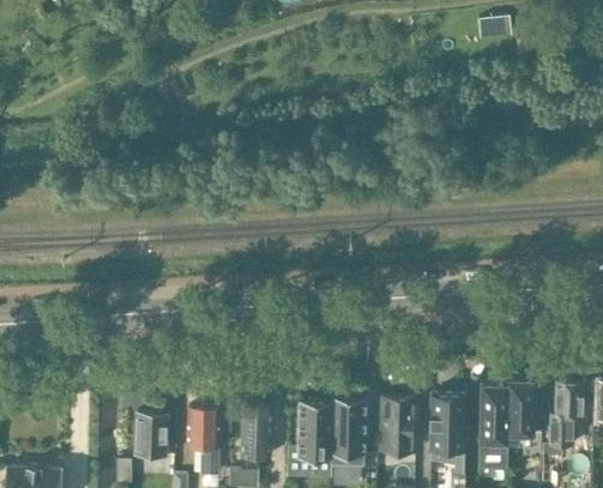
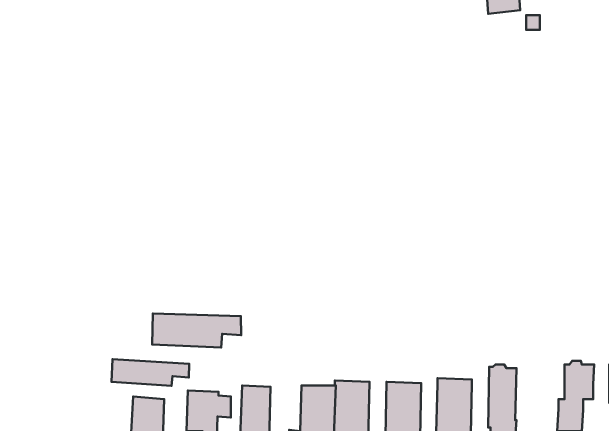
building: none -> [152,313,241,347]
building: none -> [112,359,189,386]
building: [506,379,533,438] -> none

